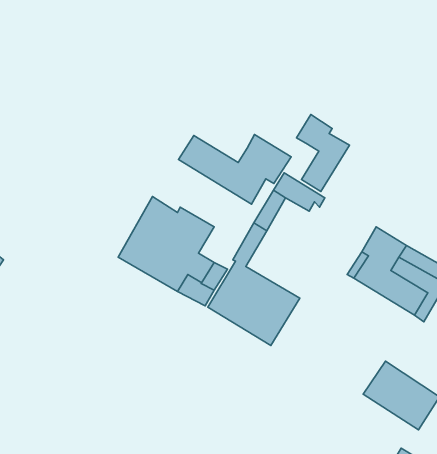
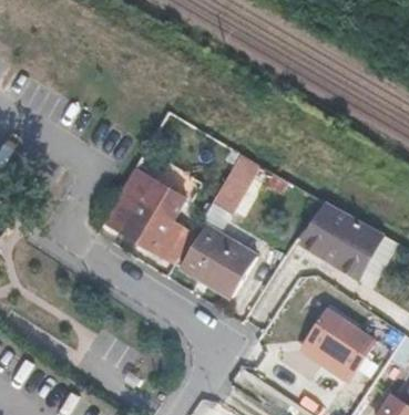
building: [297,115,349,192] -> none
building: [179,135,291,204] -> none

